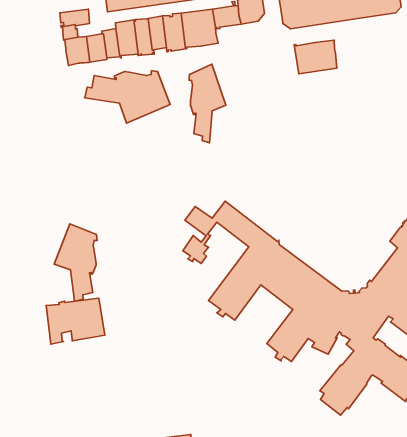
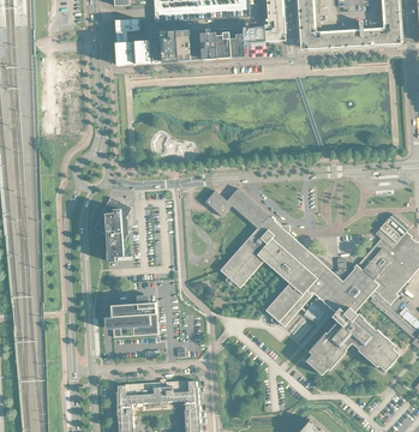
building: [294,40,337,74] -> none
building: [189,64,226,143] -> none
building: [85,71,170,123] -> none
building: [46,298,105,344] -> [112,301,158,336]

